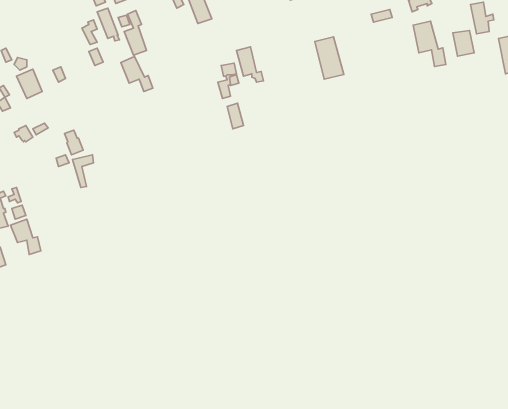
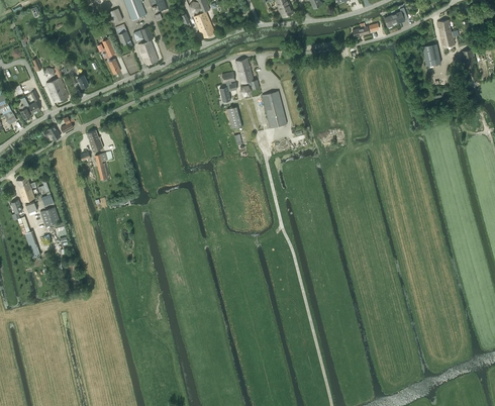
building: [413,21,446,67] -> none
building: [315,37,344,79] -> [262,91,287,127]
building: [121,57,153,92] -> none

